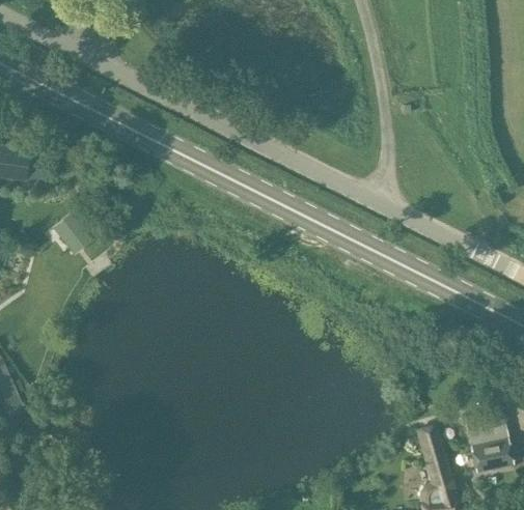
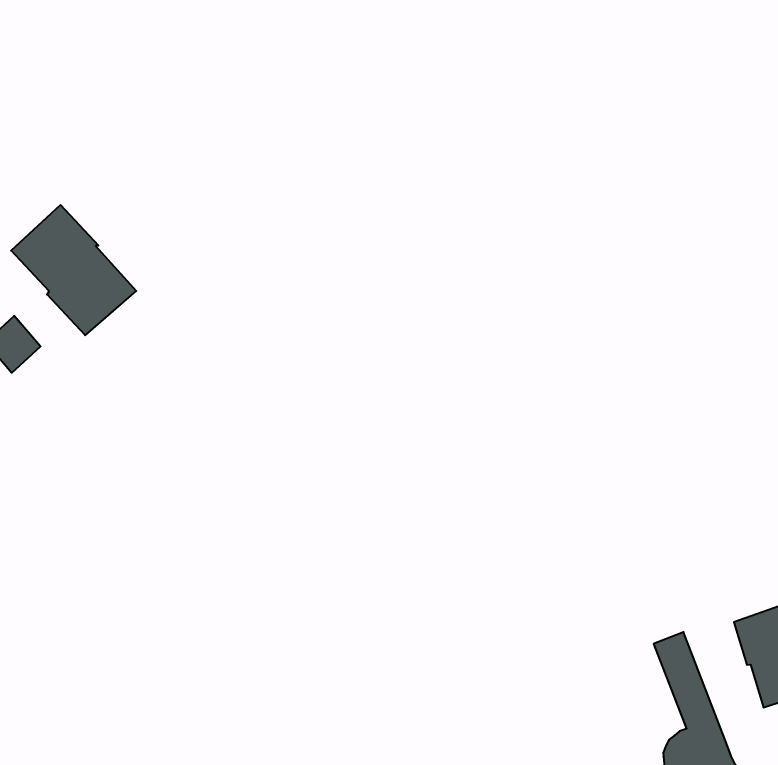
building: none -> [11,205,136,335]

